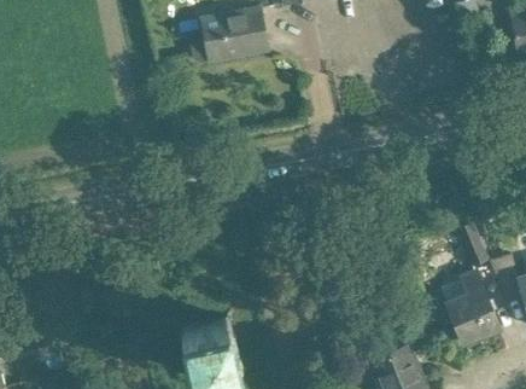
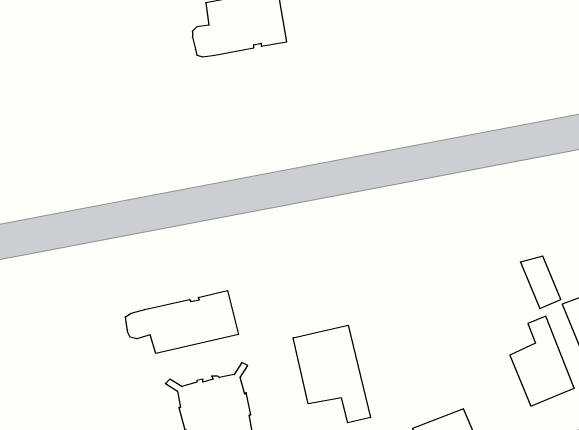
building: none -> [125,291,238,353]
building: none -> [293,325,371,423]

